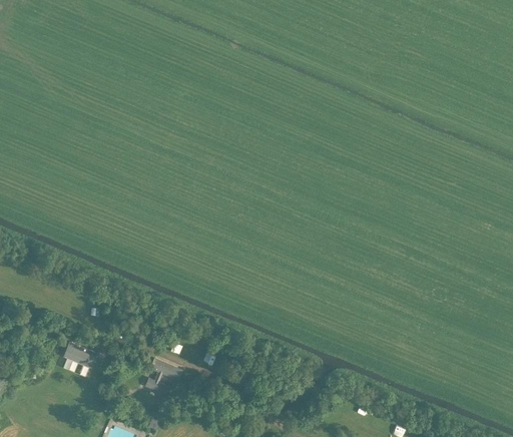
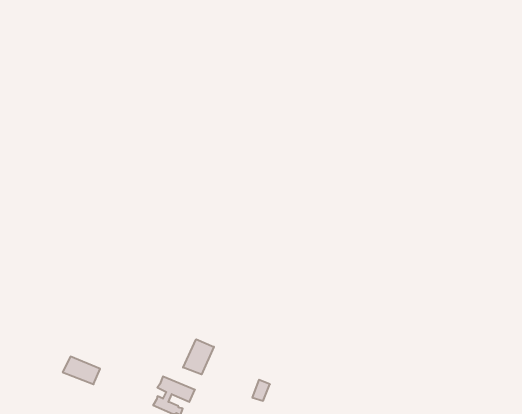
building: none -> [183,339,214,374]

